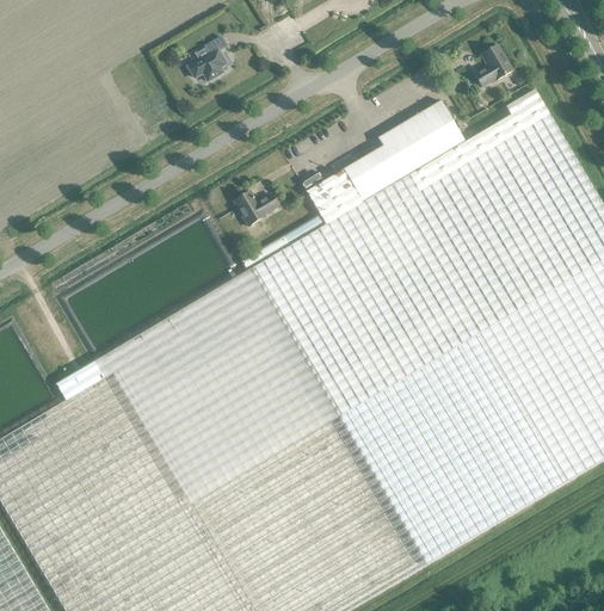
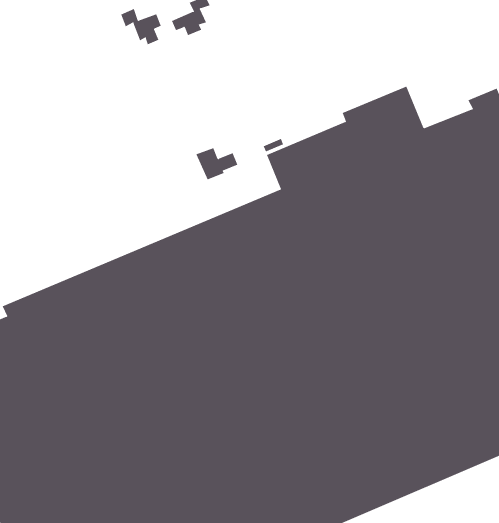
building: [474,45,512,88] -> none
building: none -> [121,8,161,45]

